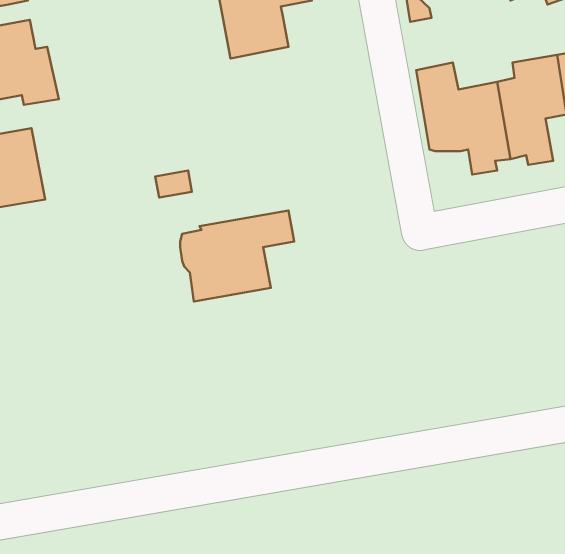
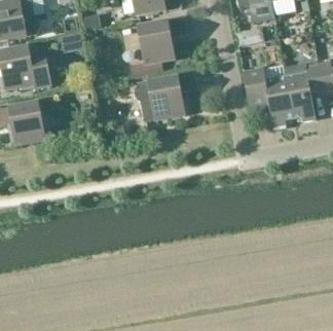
building: [180,211,294,301] -> [137,72,197,120]

